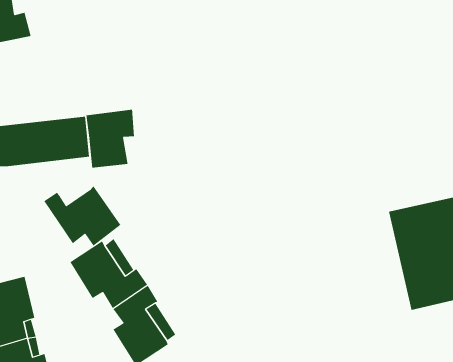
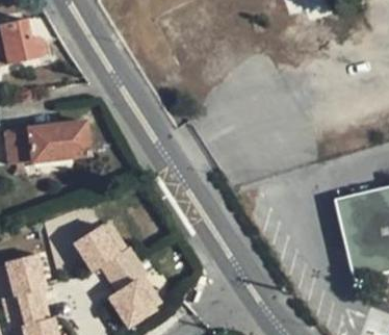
building: [86,109,134,168] -> none
building: [43,186,121,246] -> none

